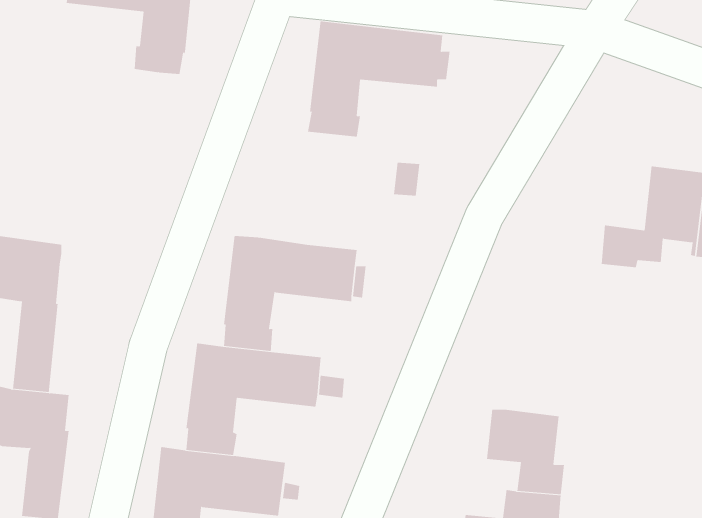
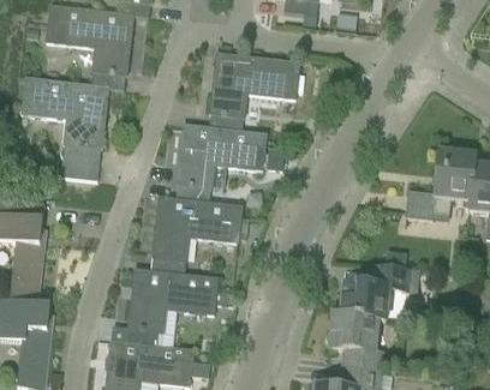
building: none -> [23,78,109,180]
building: none -> [177,125,268,203]
building: none -> [341,266,419,319]

